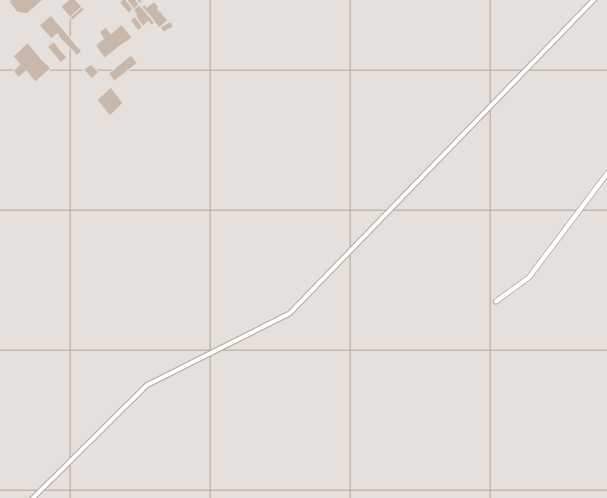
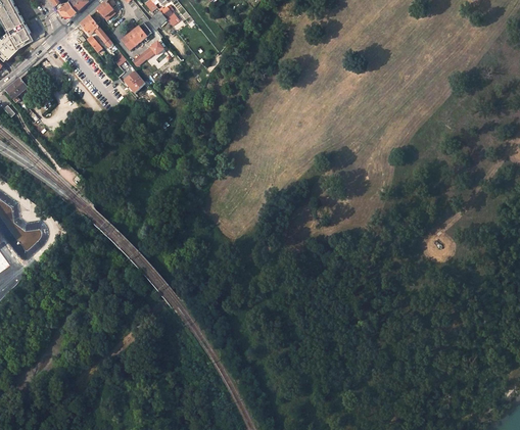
building: [13,42,51,82] -> none

